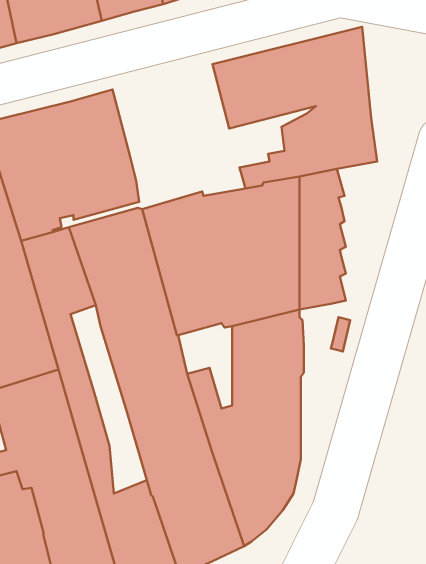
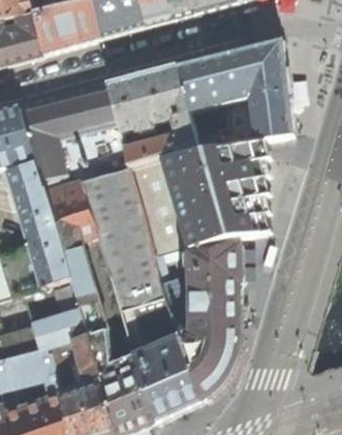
building: none -> [108,67,200,167]

